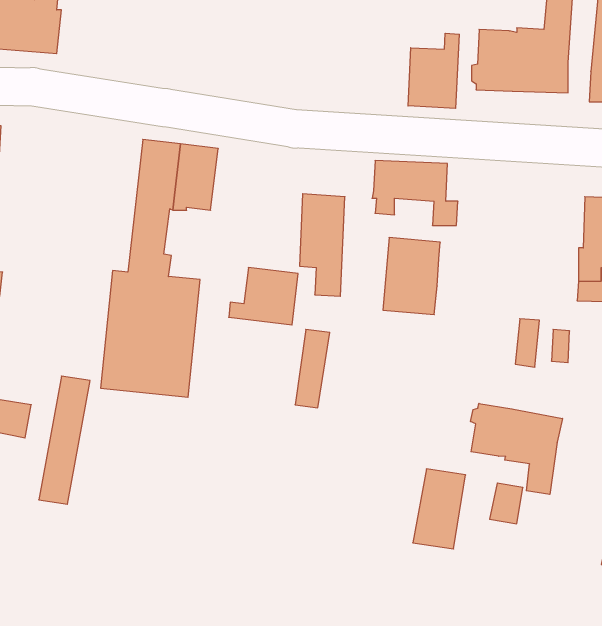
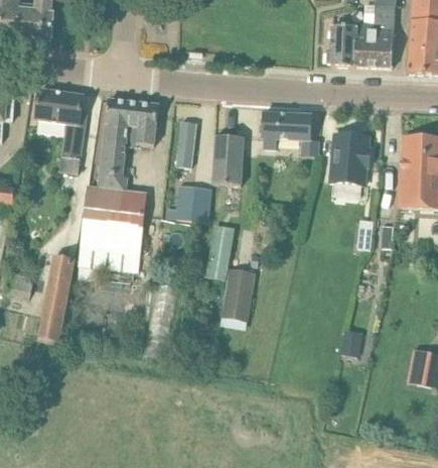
building: [408,33,459,108] -> none
building: none -> [35,89,85,172]
building: none -> [175,120,196,166]
building: [383,238,440,315] -> [329,133,368,185]
building: [471,403,562,494] -> none
building: [413,469,466,549] -> [221,267,256,321]

